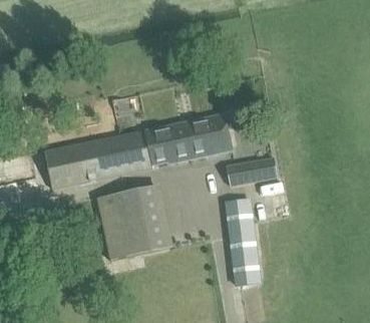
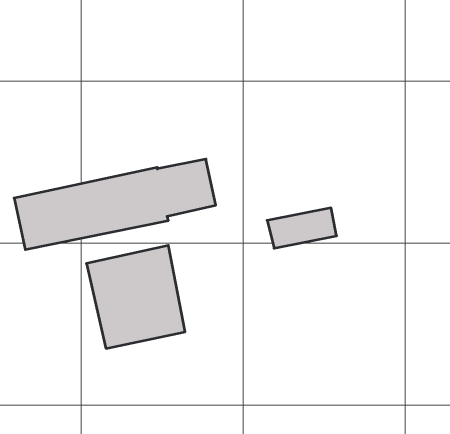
building: [182,113,232,157] -> none
building: [226,199,256,285] -> none

